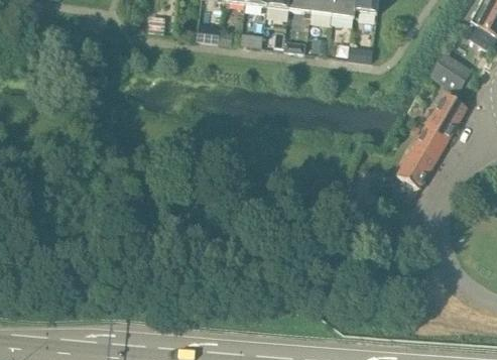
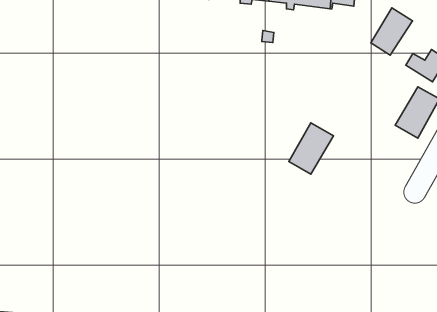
building: none -> [371,8,412,55]
building: [398,133,444,186] -> [289,123,333,174]

